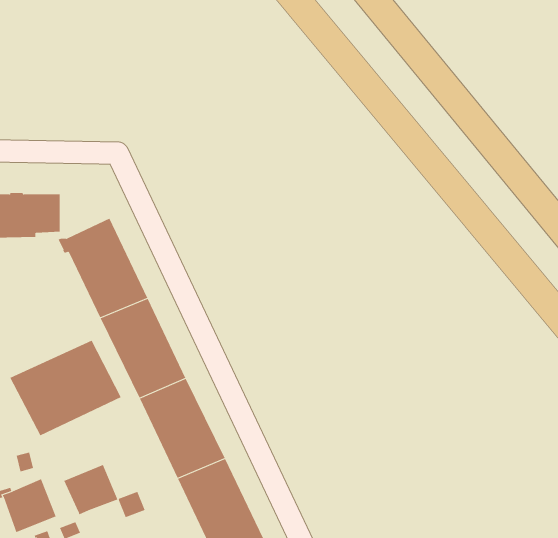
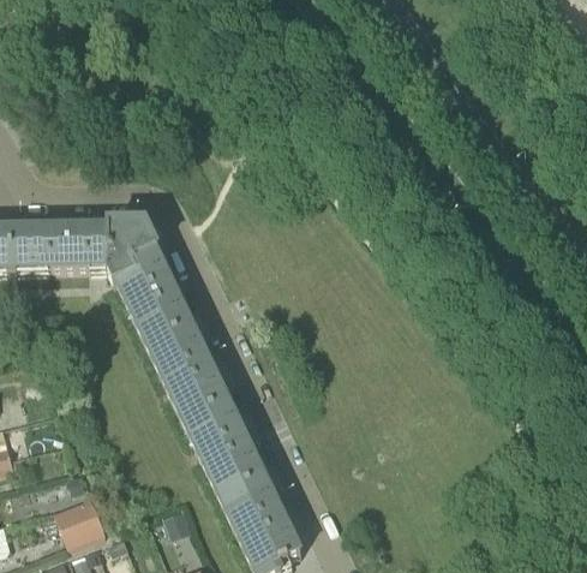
building: none -> [109,221,158,267]
building: [9,340,121,436] -> none
building: [63,464,118,515] -> none

